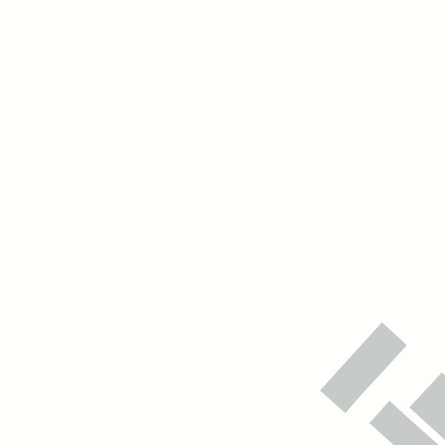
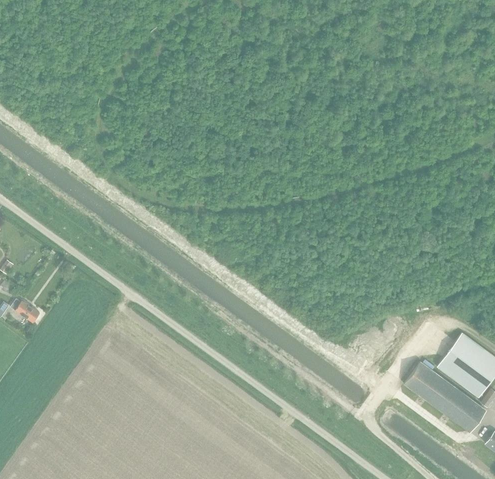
building: [319,322,408,414] -> none

